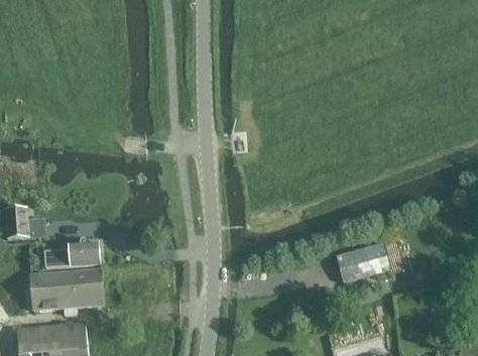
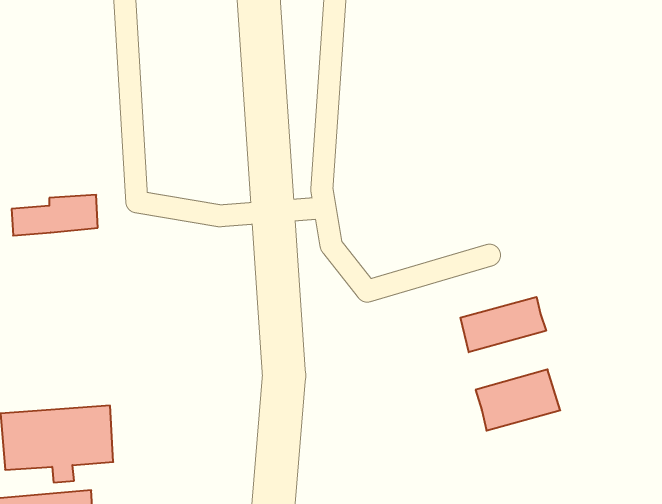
building: none -> [460,297,546,352]
building: [42,241,98,267] -> [12,195,98,236]

